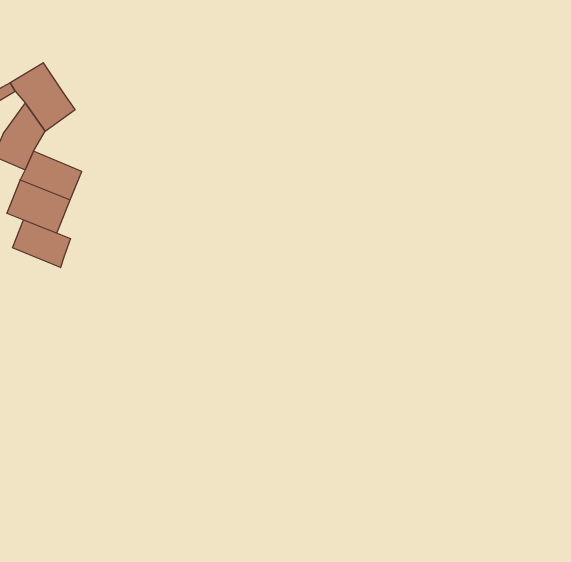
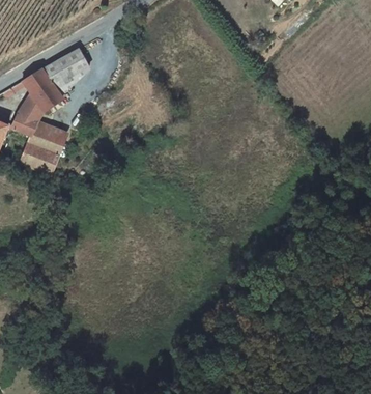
building: none -> [42,48,90,87]
building: [12,220,71,268] -> none

